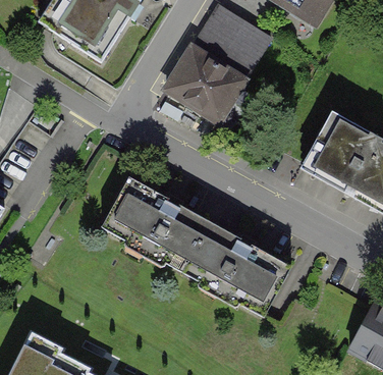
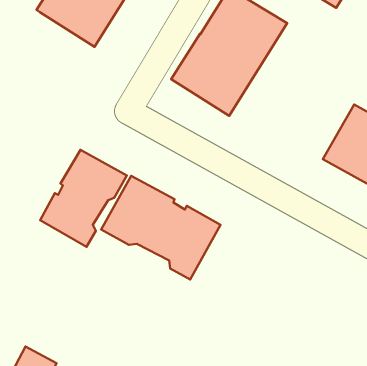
building: none -> [40,150,127,247]
building: [182,221,291,316] -> none

